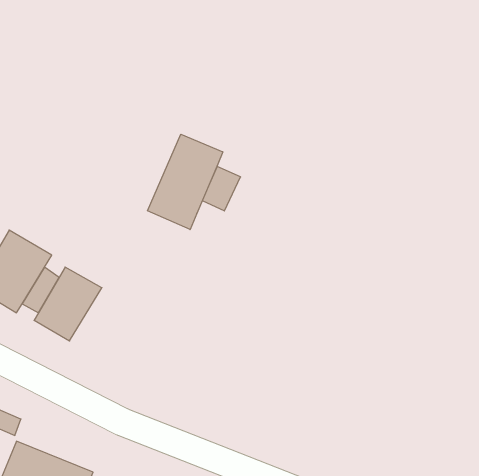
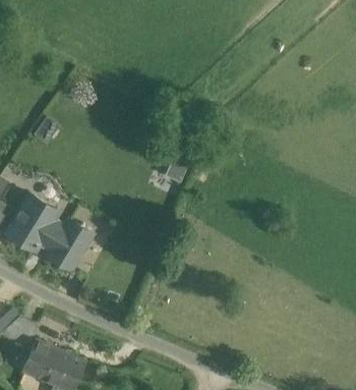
building: [148,134,223,230] -> none

